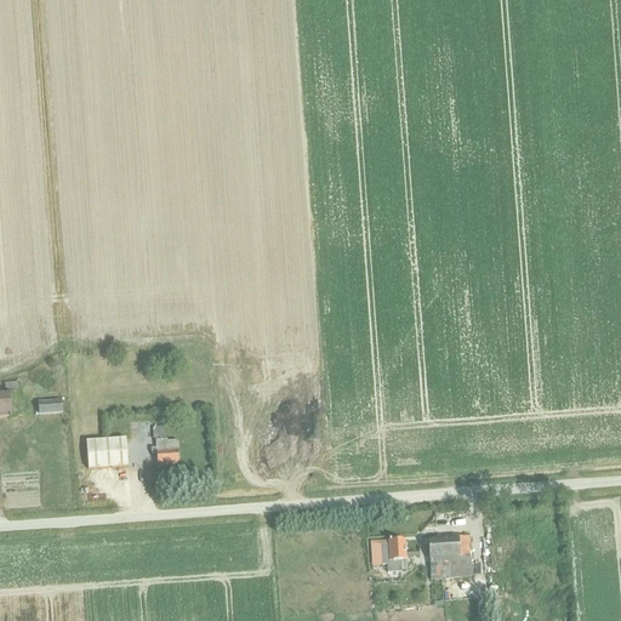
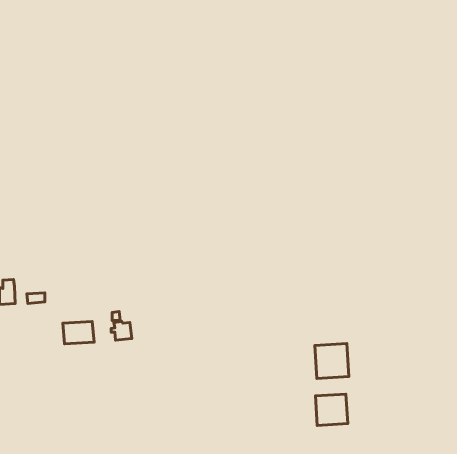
building: none -> [315,344,349,378]
building: [380,537,405,568] -> none

